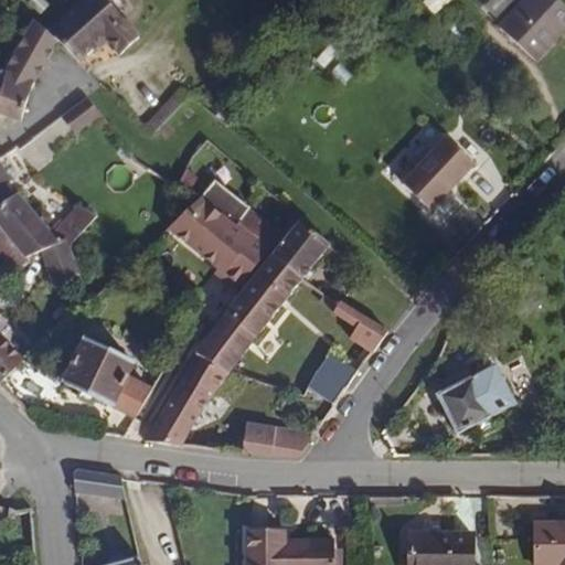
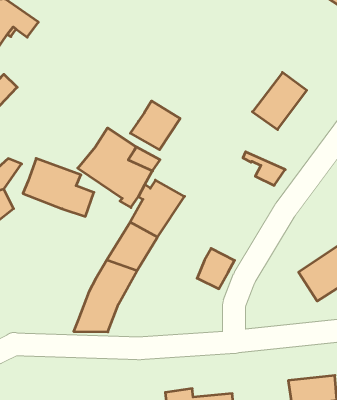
building: [267,215,333,279] -> [130,101,180,150]
building: [334,302,387,350] -> [243,152,285,185]
building: [60,333,151,415] -> [23,158,94,216]
building: [244,420,316,452] -> none
building: [73,467,126,498] -> none

